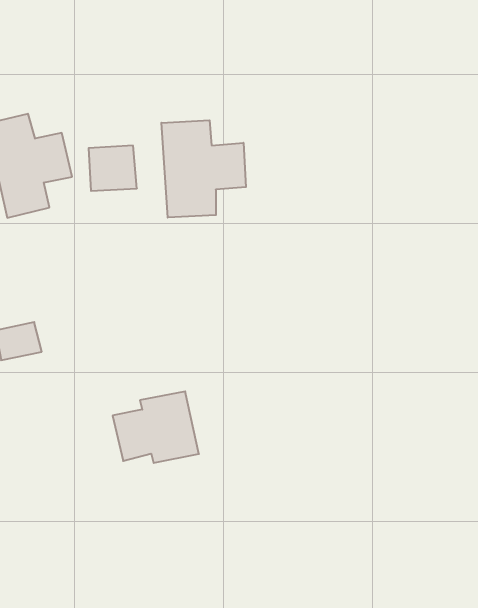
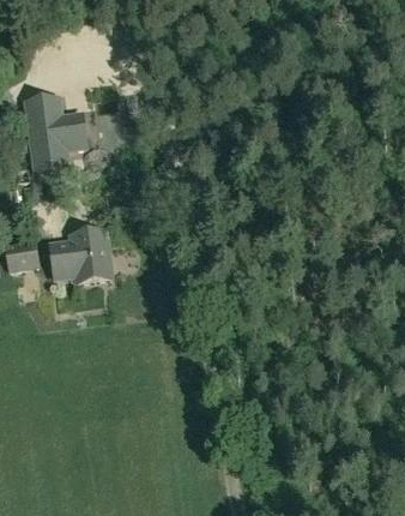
building: [161,120,246,218] -> none
building: [113,391,199,463] -> [48,227,110,278]

